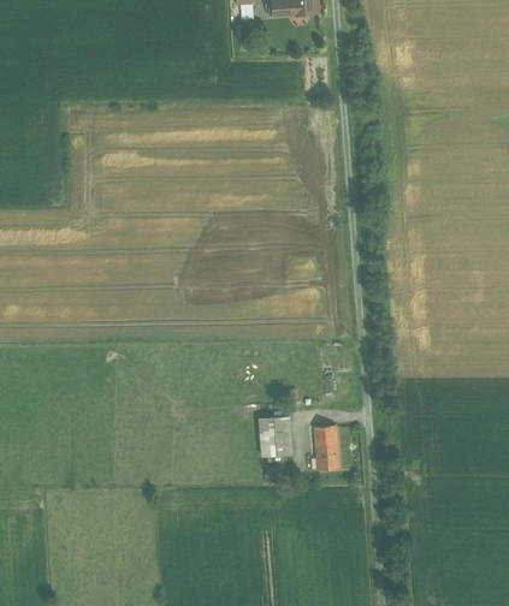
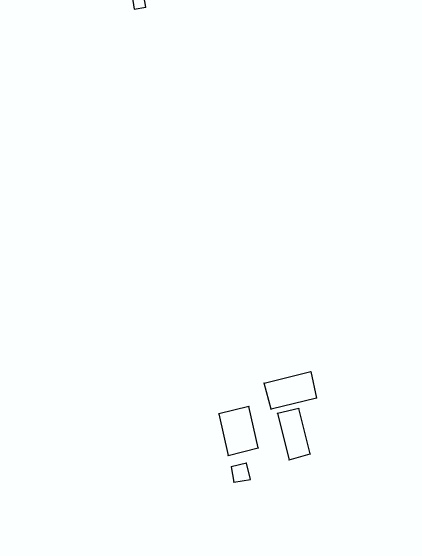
building: none -> [264,372,317,409]

